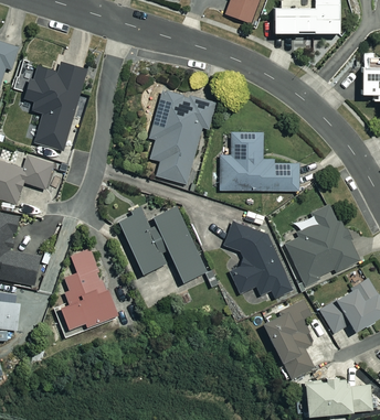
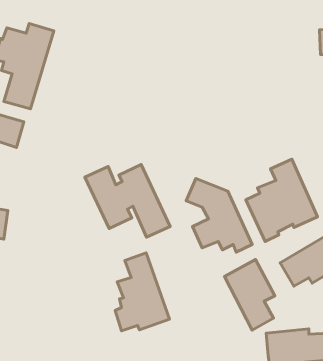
building: [149,89,215,184] -> none
building: [220,132,299,191] -> none
building: [62,247,118,327] -> [115,253,169,331]

